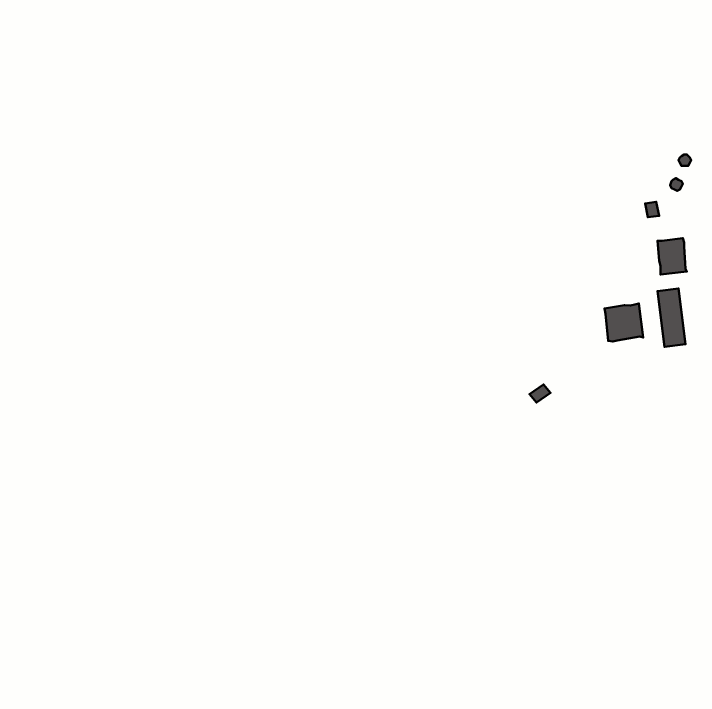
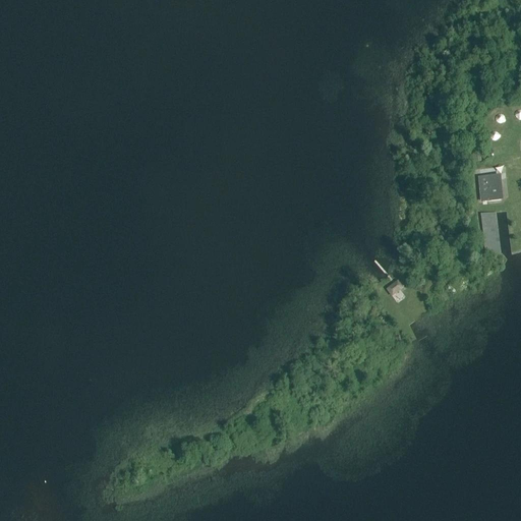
building: [604,303,643,341] -> none

